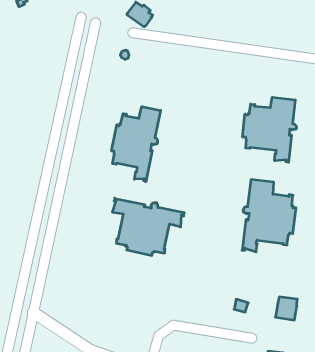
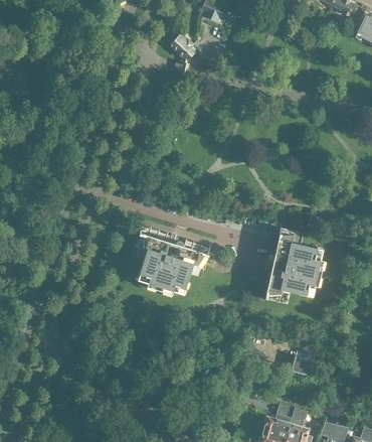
building: [243,97,296,162] -> none
building: [112,107,161,182] -> none

